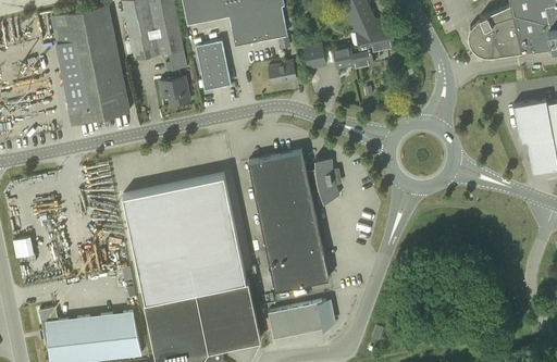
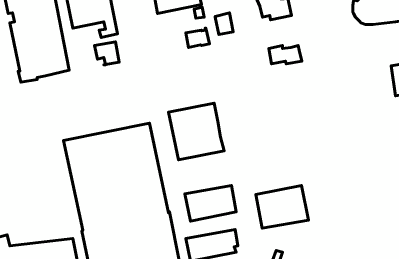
building: [196,41,231,90] -> none
building: [334,47,373,68] -> [269,46,302,64]
building: [307,160,339,203] -> none
building: [260,208,323,259] -> [256,185,309,228]

